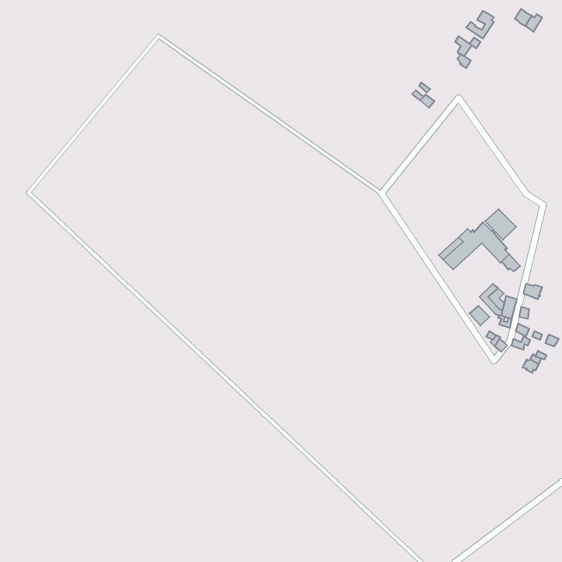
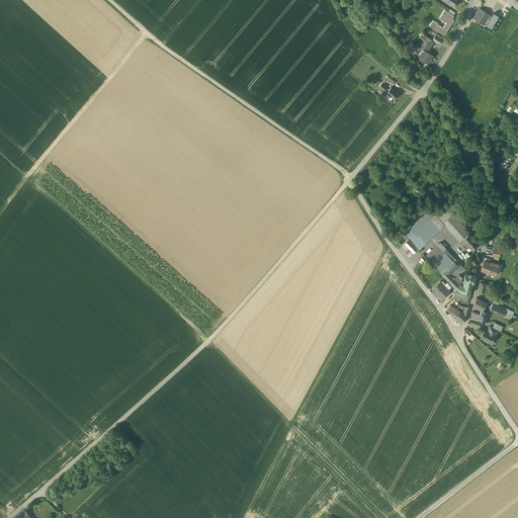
building: [485,209,516,240] -> [425,245,453,273]

